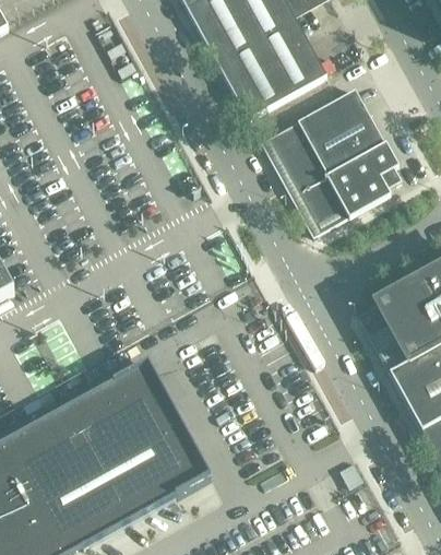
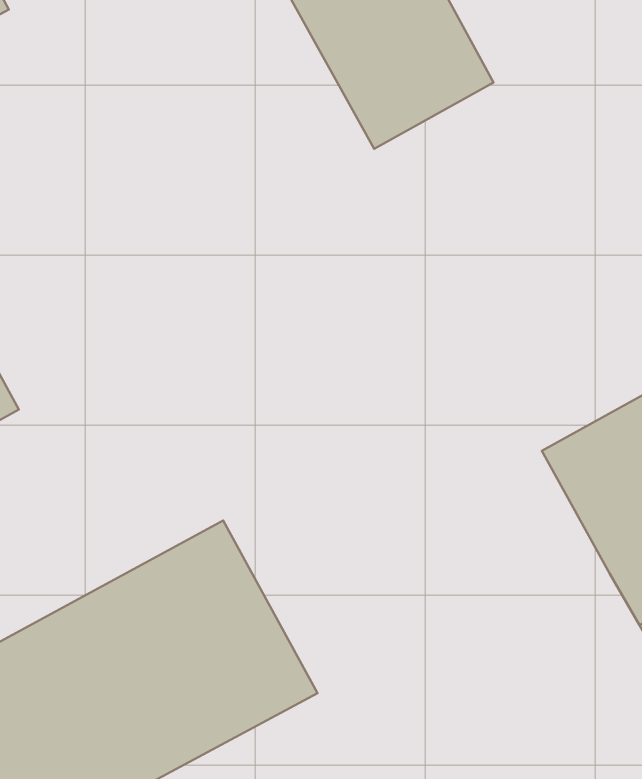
building: [261,87,402,233] -> none

